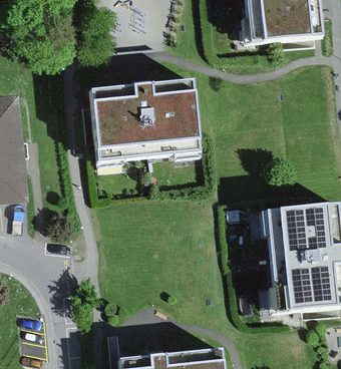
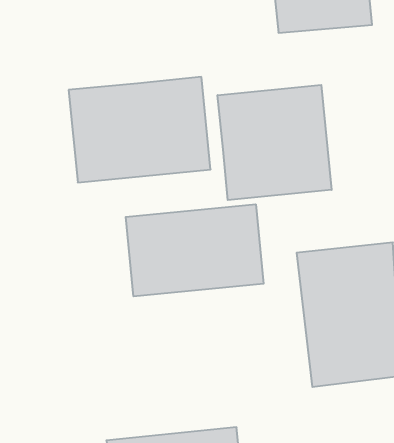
building: none -> [218,85,332,200]
building: none -> [126,204,264,296]

